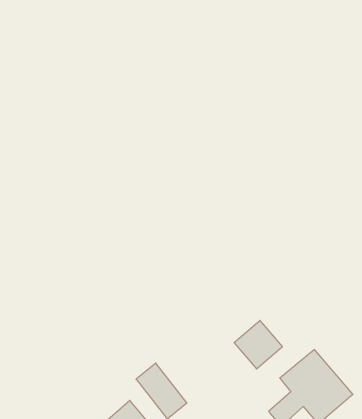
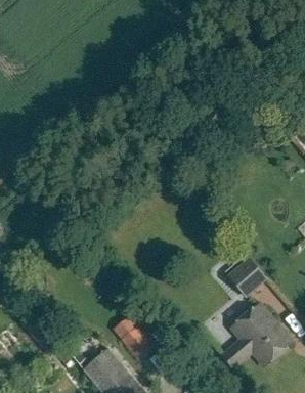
building: [234,320,282,369] -> [226,257,266,297]

